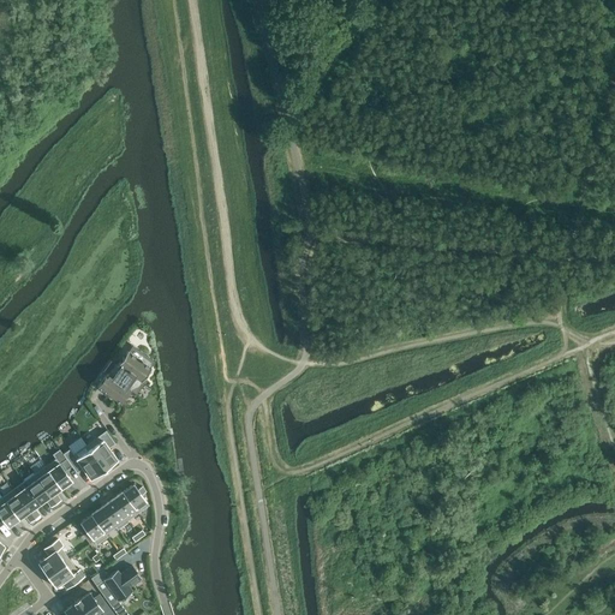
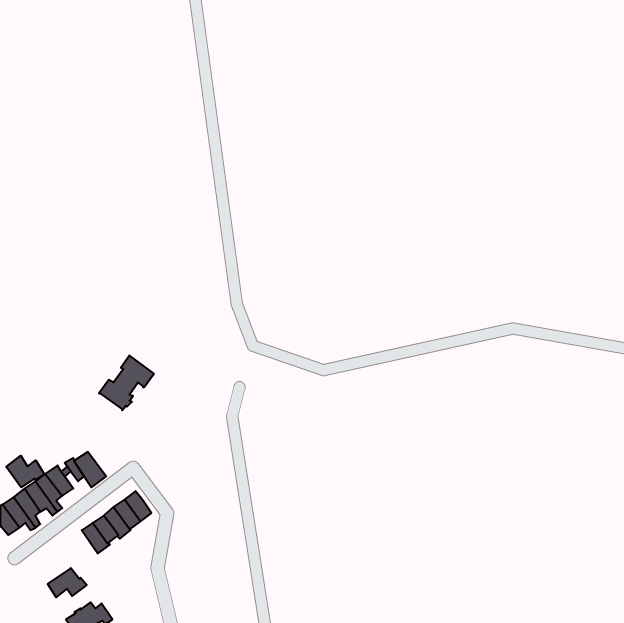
building: [86,431,118,470] -> none
building: none -> [6,456,45,487]
building: [38,539,70,575] -> none
building: [90,567,141,602] -> none

